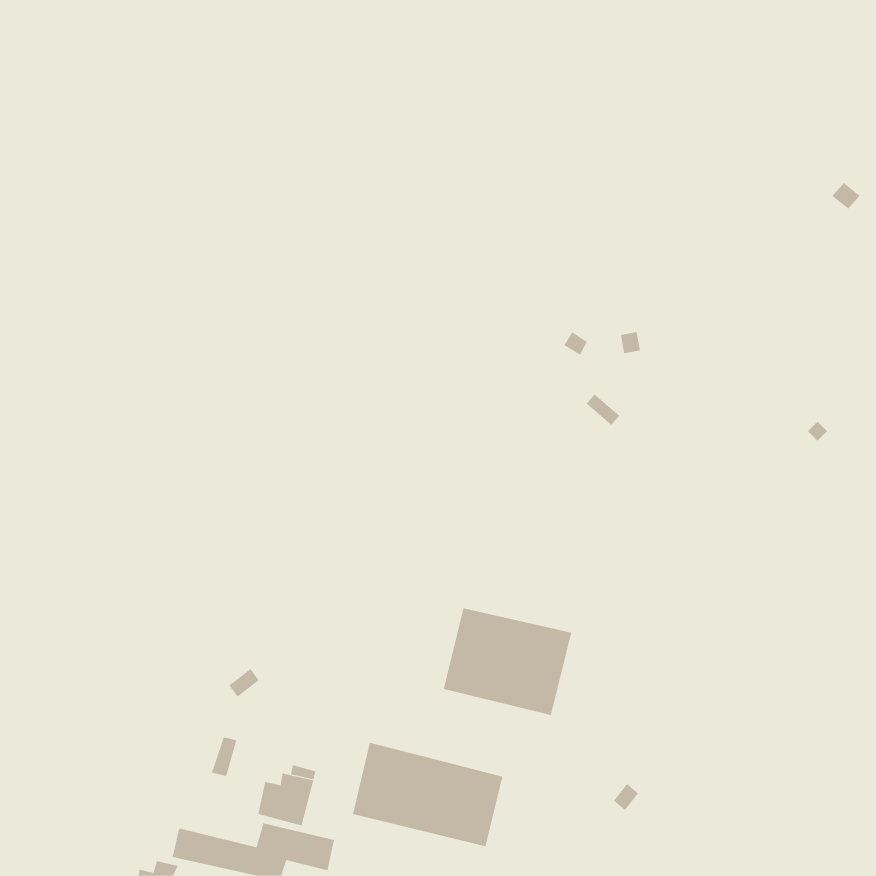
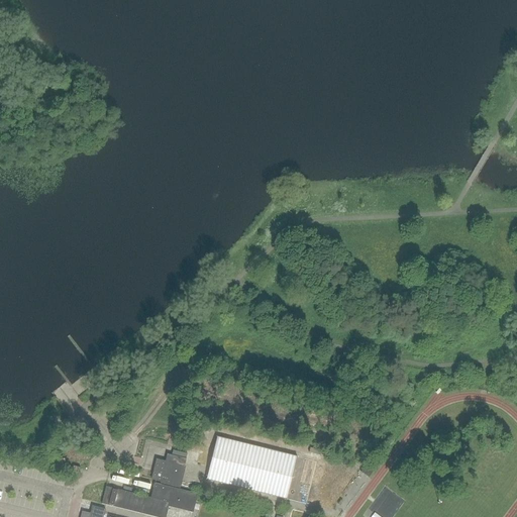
building: [443,608,572,716] -> none

